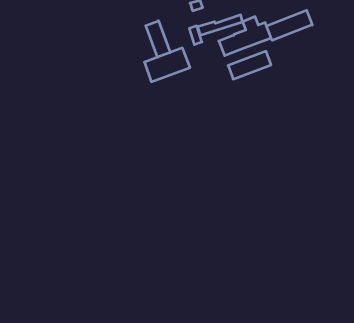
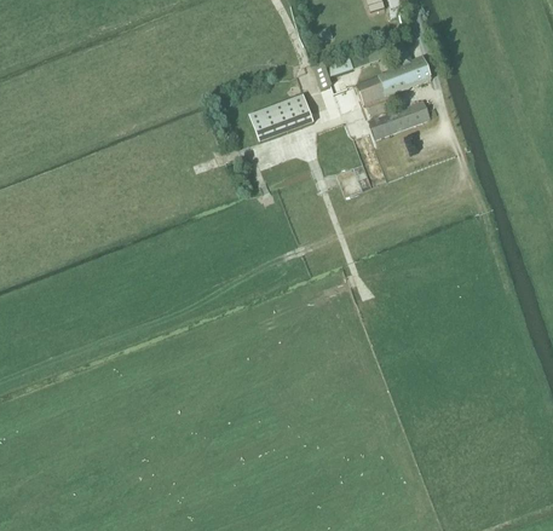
building: [266,10,312,40] -> none
building: [146,21,170,57] -> none

